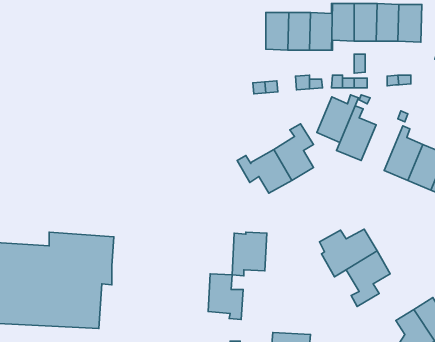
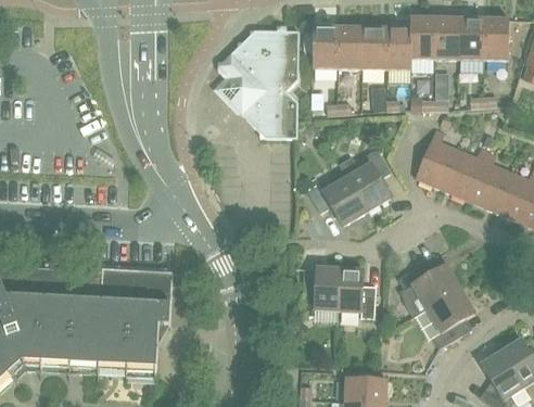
building: none -> [314,26,339,67]
building: none -> [218,30,298,137]
building: [317,95,359,143] -> [443,148,488,200]
building: [208,274,243,319] -> [338,268,376,318]

